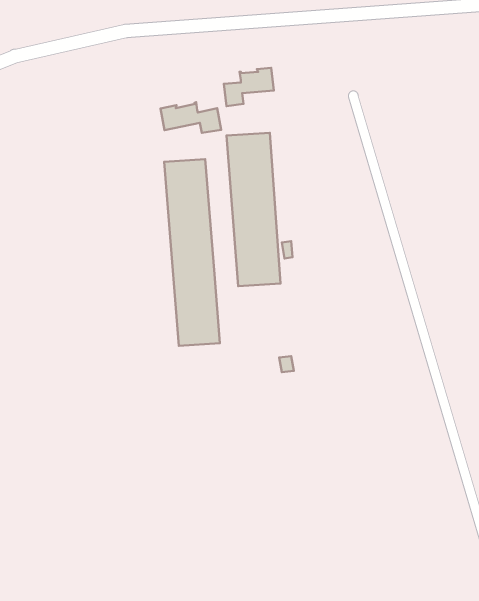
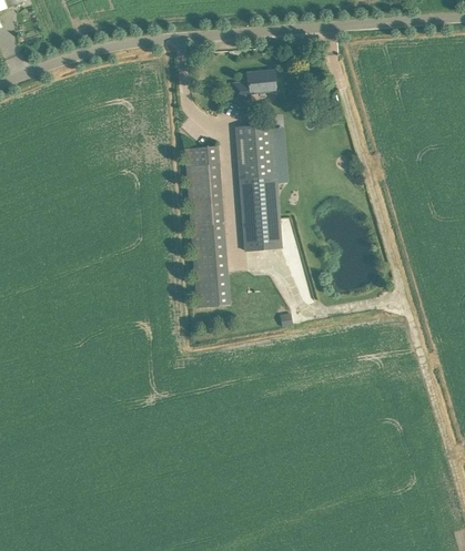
building: [160,102,221,133] -> none

